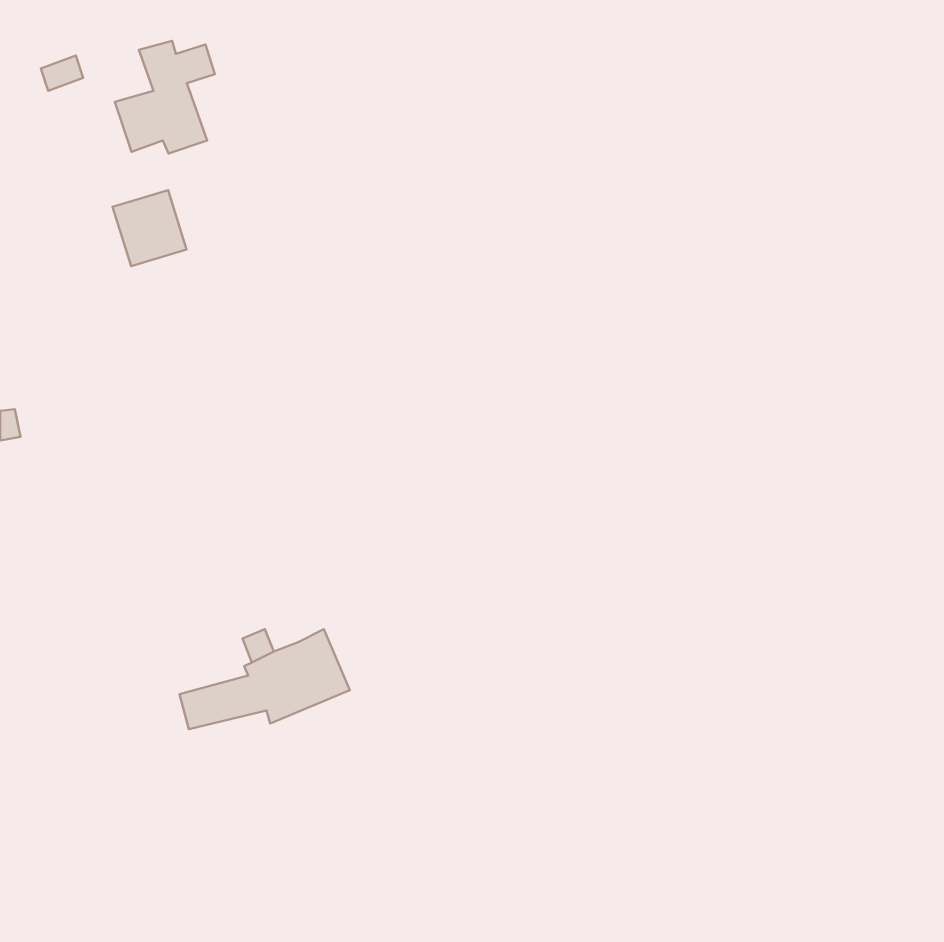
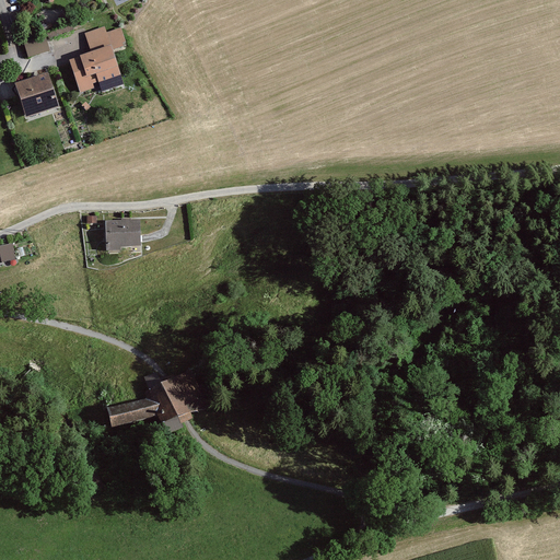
building: [113,190,187,266] -> [12,71,56,116]
building: none -> [107,221,140,249]

